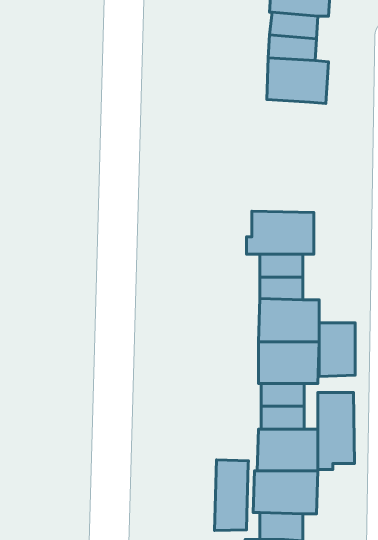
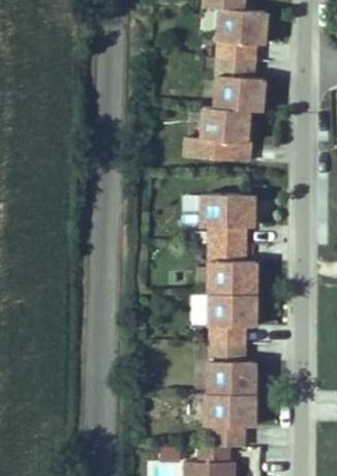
building: none -> [185,106,250,160]
building: [319,323,355,377] -> none
building: [318,393,355,470] -> none
building: [214,460,248,531] -> none

